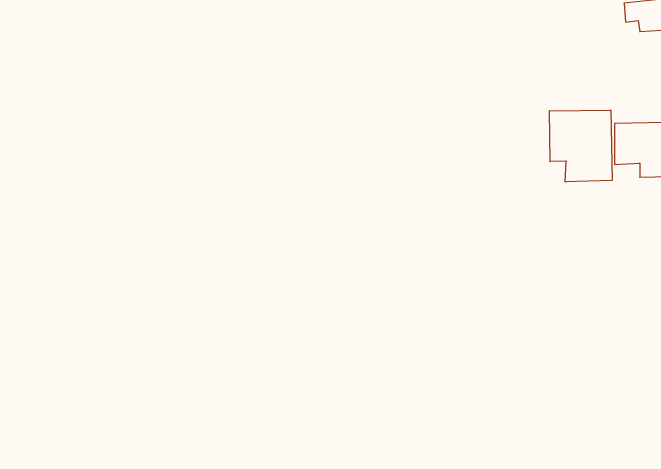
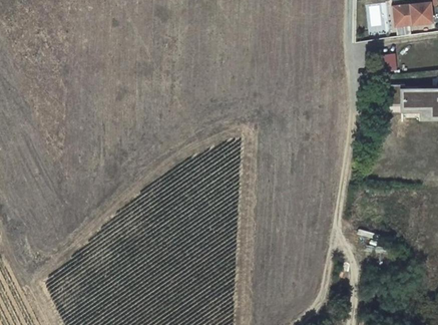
building: [550,110,612,182] -> none

